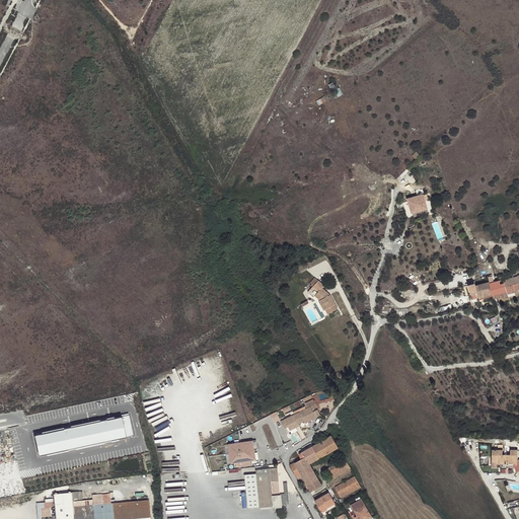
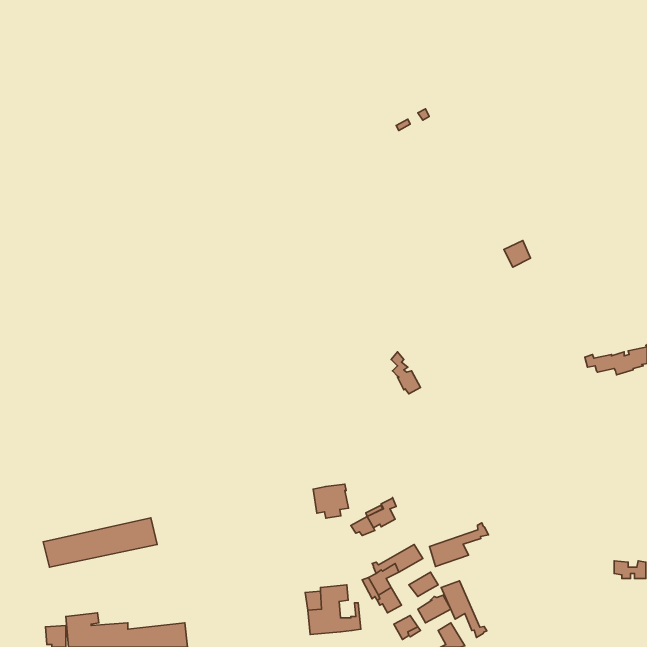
building: none -> [430,523,488,567]
building: [228,440,256,467] -> [313,484,349,518]
building: none -> [441,581,487,638]

